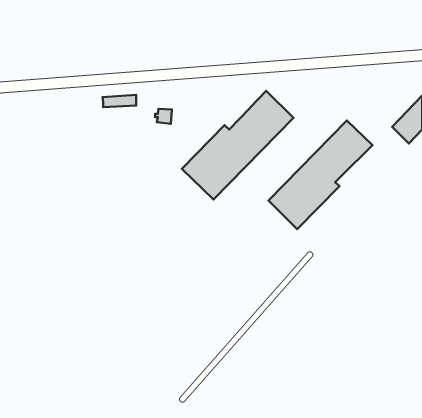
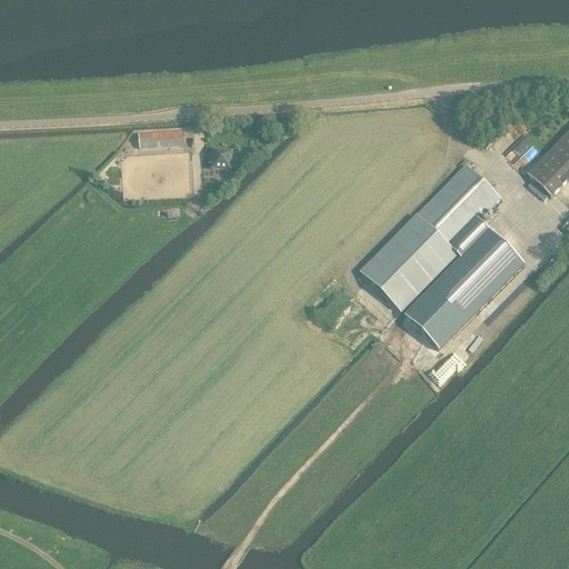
building: [182,91,293,199] -> none
building: none -> [405,217,525,347]

